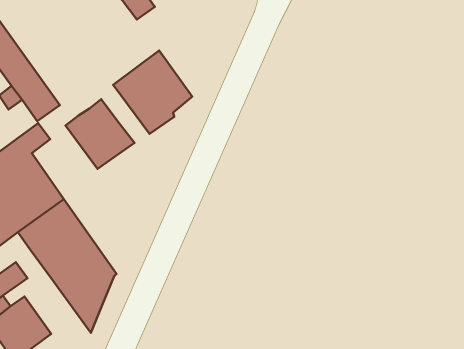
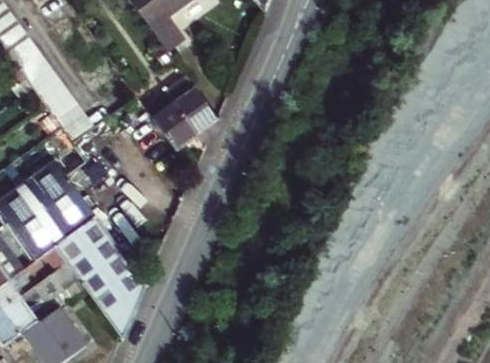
building: [66,99,134,169] -> none

